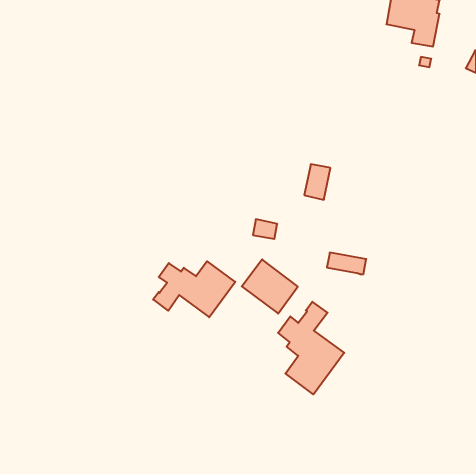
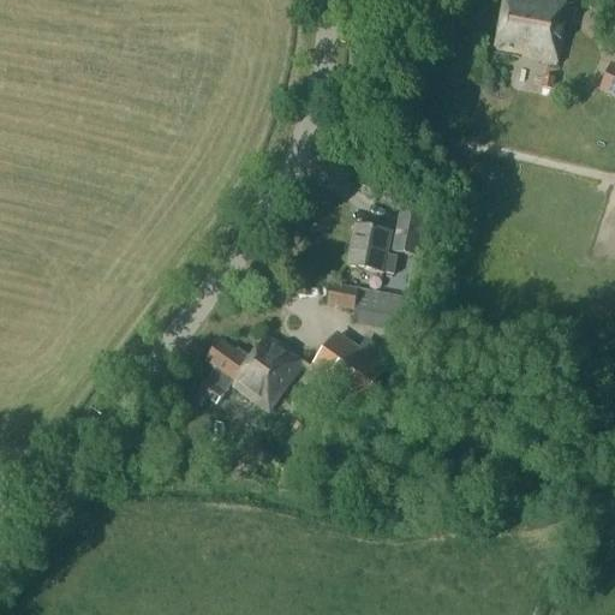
building: none -> [346,225,396,275]
building: [327,253,366,274] -> [353,288,404,316]
building: [278,302,344,394] -> none

